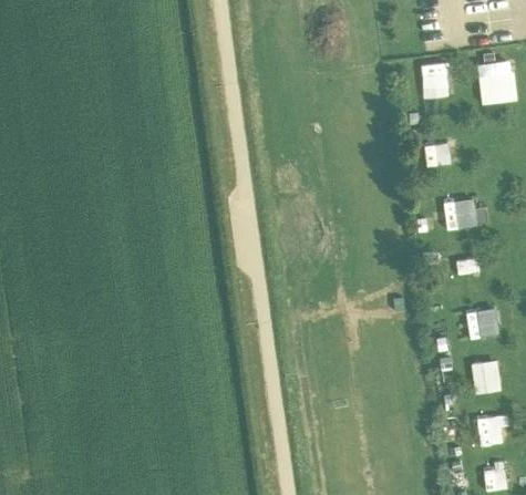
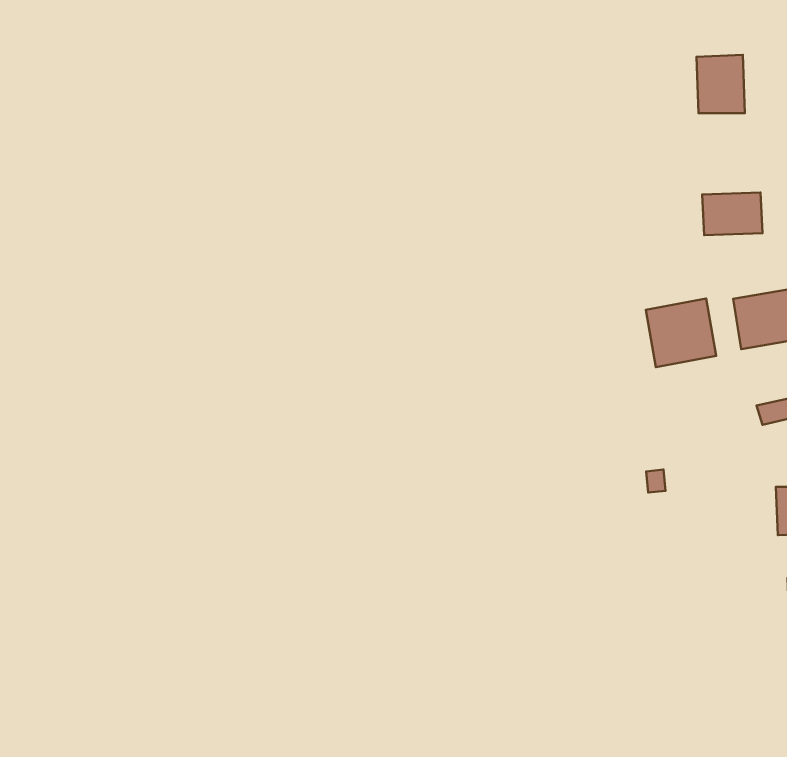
building: none -> [646,299,716,367]

